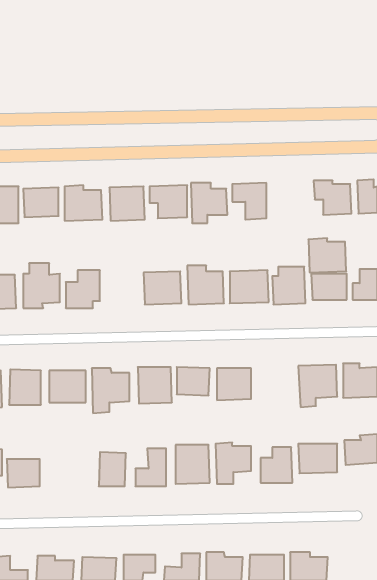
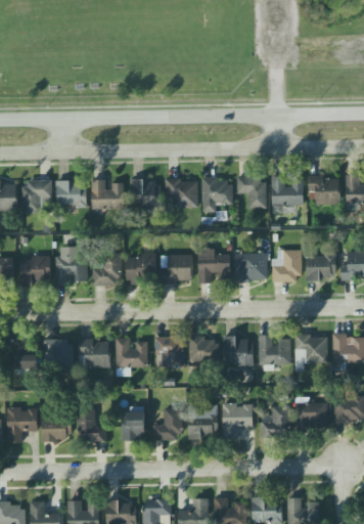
building: [308,238,346,272] -> [270,176,303,206]
building: none -> [126,253,156,283]
building: none -> [258,335,289,364]
building: none -> [77,409,106,441]

